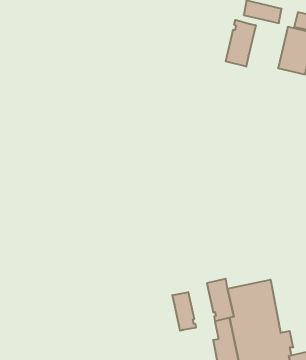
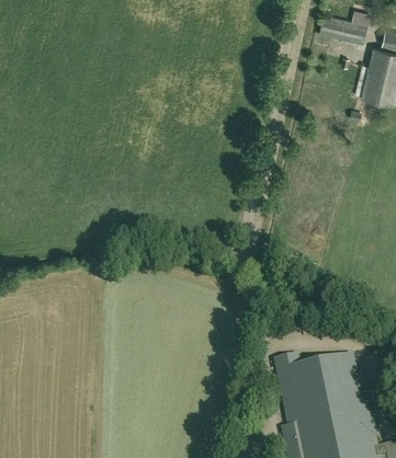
building: [226,20,256,67] -> none
building: [172,292,196,331] -> none

